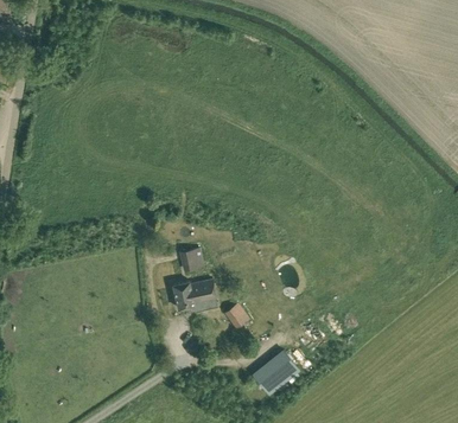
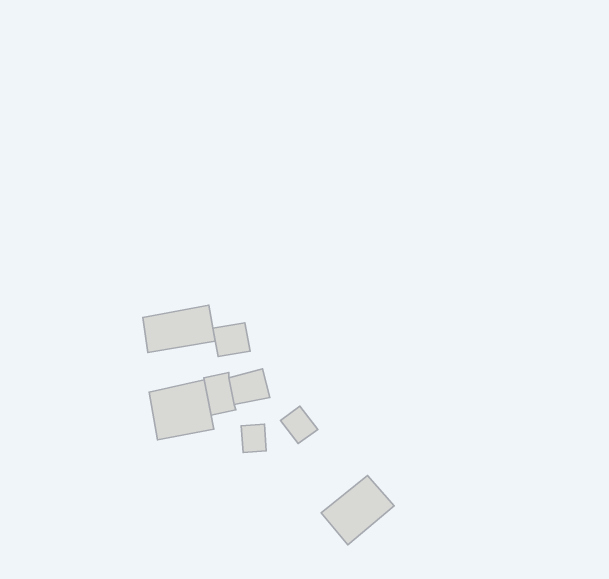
building: none -> [143,305,215,353]
building: none -> [149,380,214,440]

